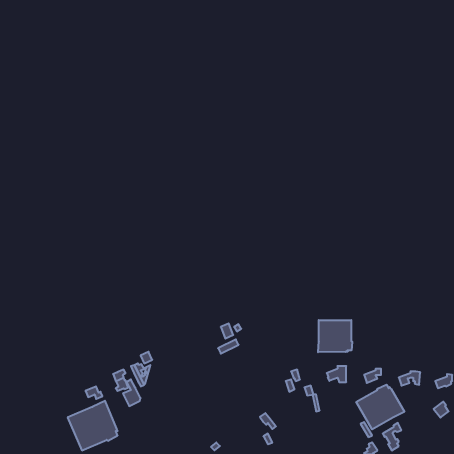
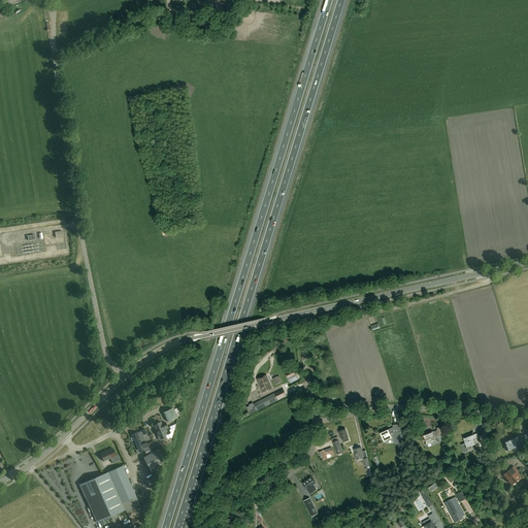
building: [318,320,352,352] -> none
building: [356,385,404,429] -> none

